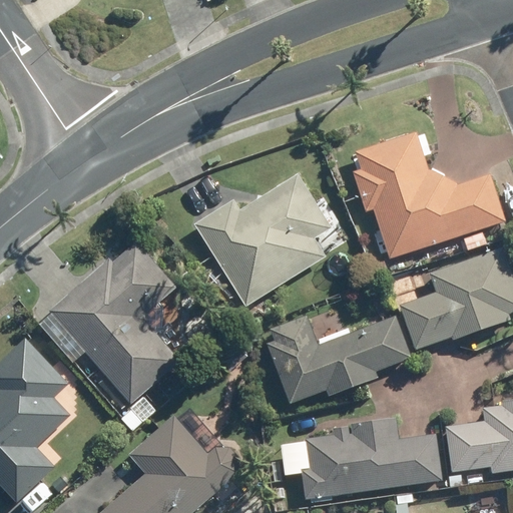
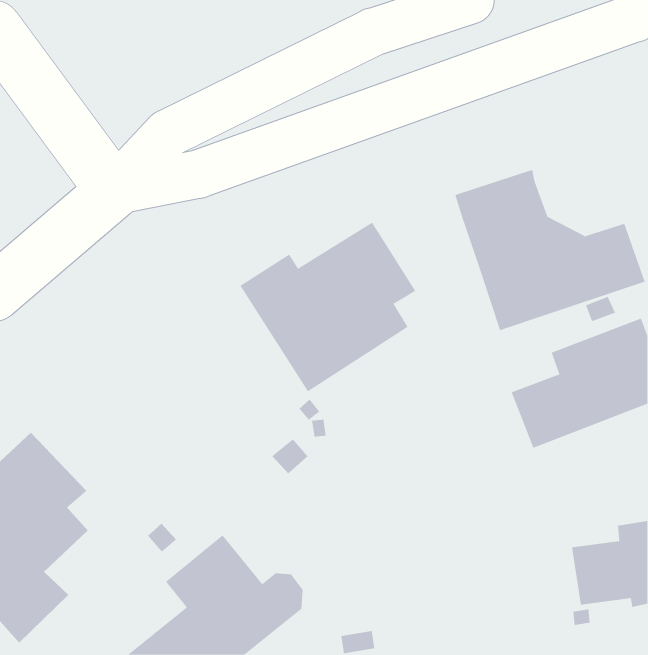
building: [55,242,178,402] -> none
building: [269,318,413,404] -> none
building: [303,418,443,500] -> none

